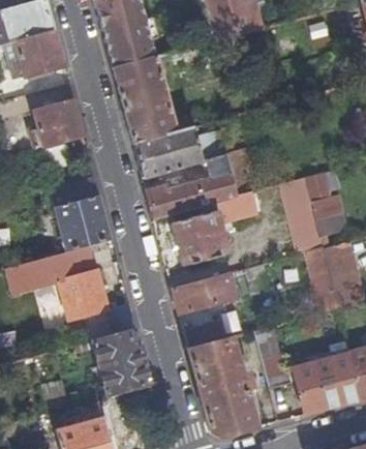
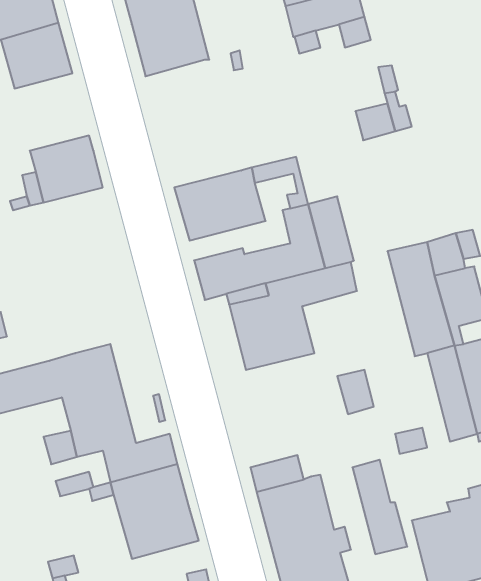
building: [114,53,179,140] -> none
building: [51,180,113,252] -> none
building: [173,272,236,312] -> none

